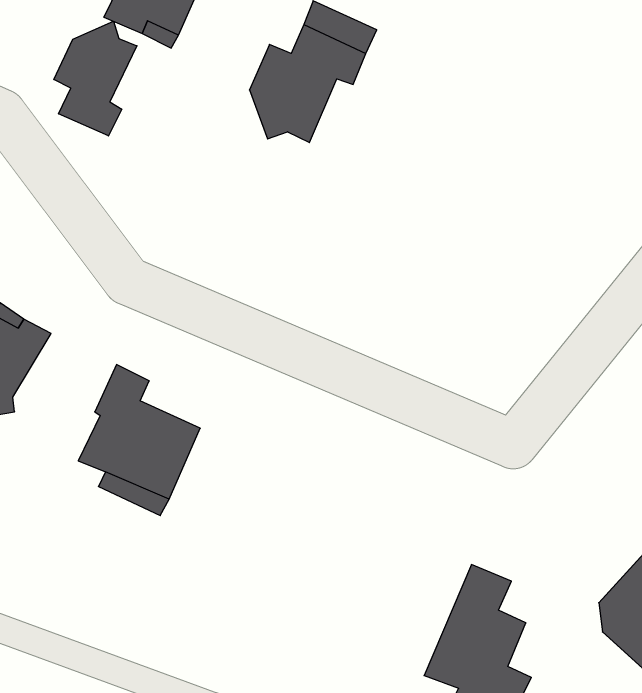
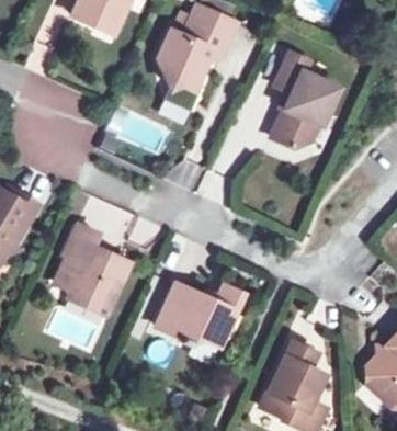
building: [54,21,137,136] -> none
building: none -> [266,47,338,141]
building: none -> [157,283,240,344]

